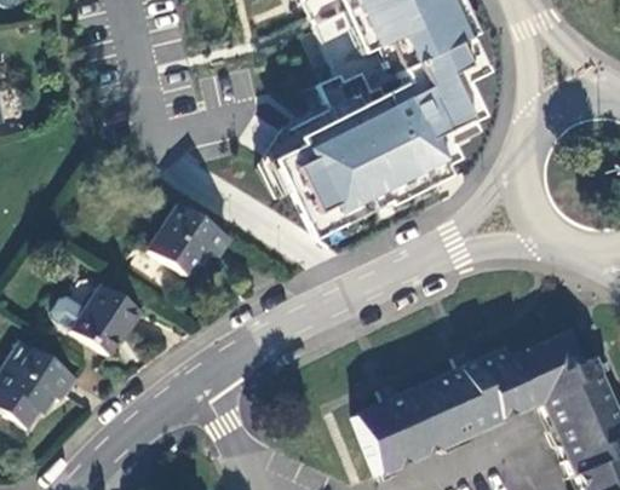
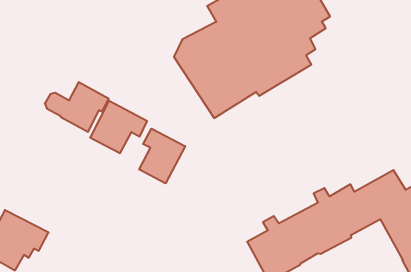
building: none -> [139,129,185,183]
building: [50,284,139,354] -> [45,82,109,132]

